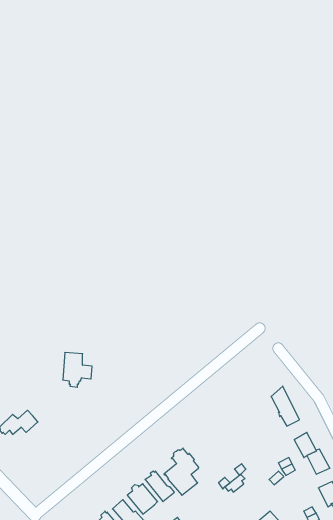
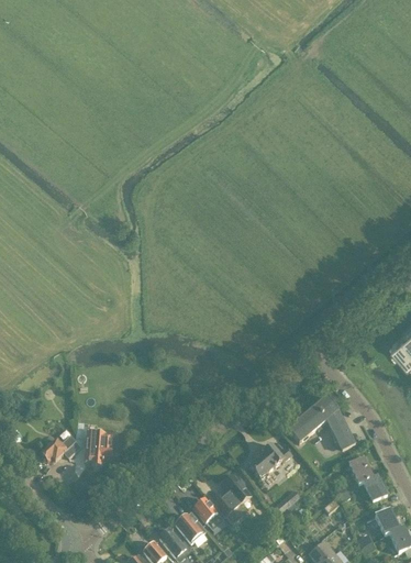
building: [63,353,92,387] -> [84,431,114,467]
building: none -> [287,394,337,441]
building: none -> [247,442,290,477]

